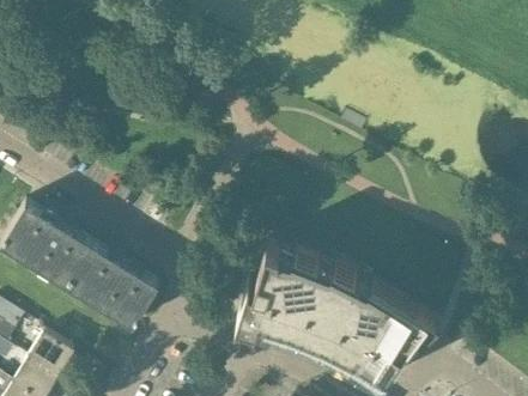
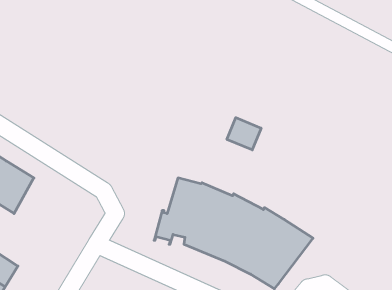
building: none -> [227,118,261,150]
building: [69,246,159,329] -> none

